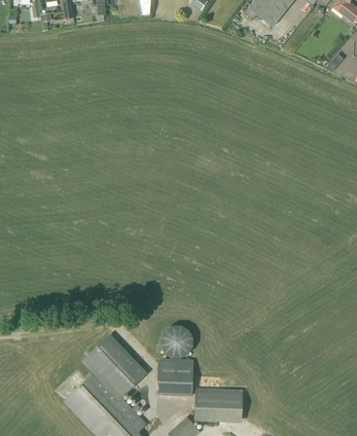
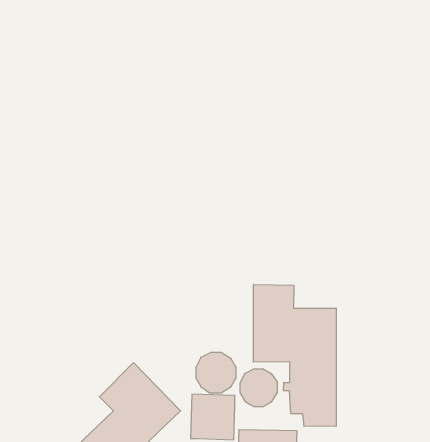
building: none -> [253,284,336,426]
building: none -> [240,369,277,407]

